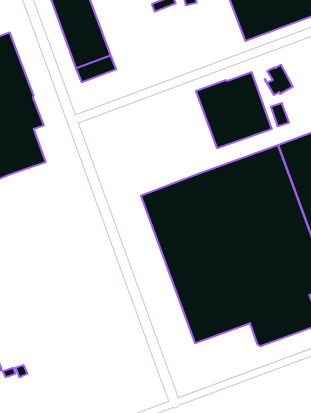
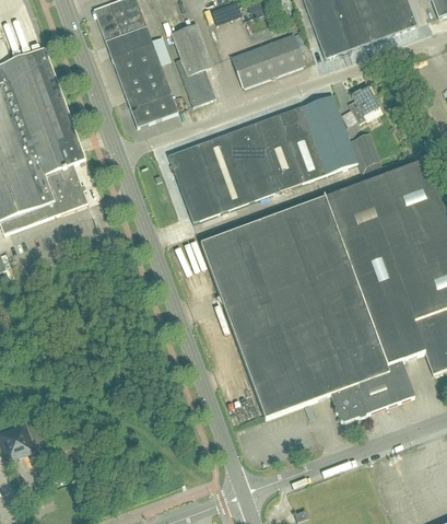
building: none -> [172,23,216,105]
building: none -> [232,33,305,86]
building: none -> [130,91,178,126]
building: none -> [168,117,292,222]

